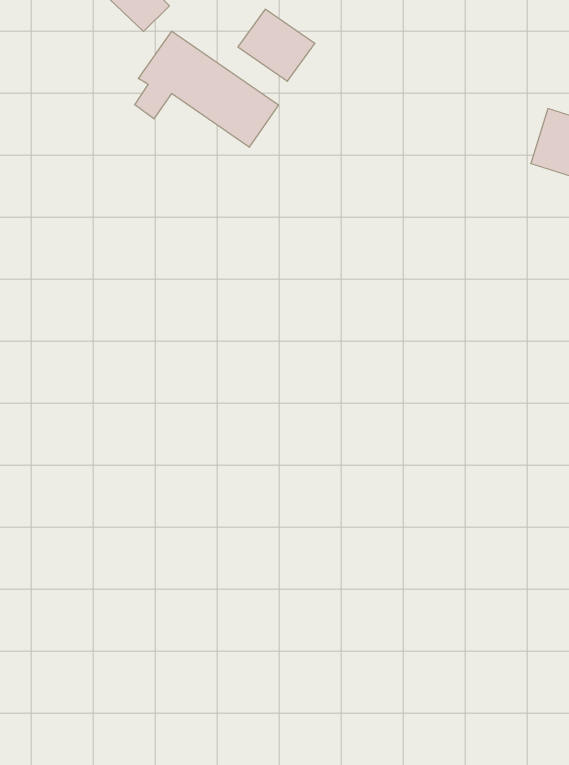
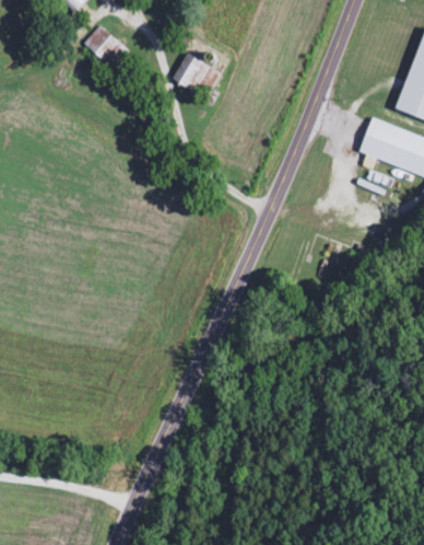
building: [135,31,278,147] -> none

